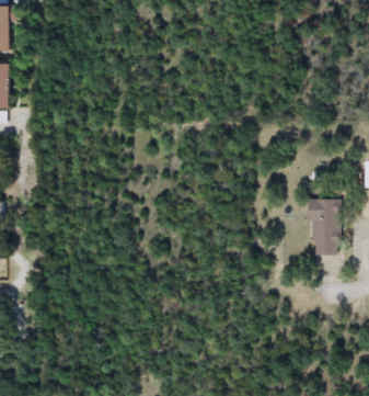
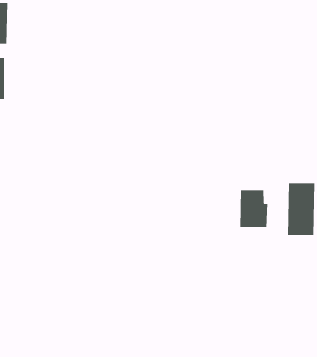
building: none -> [240,190,268,228]

